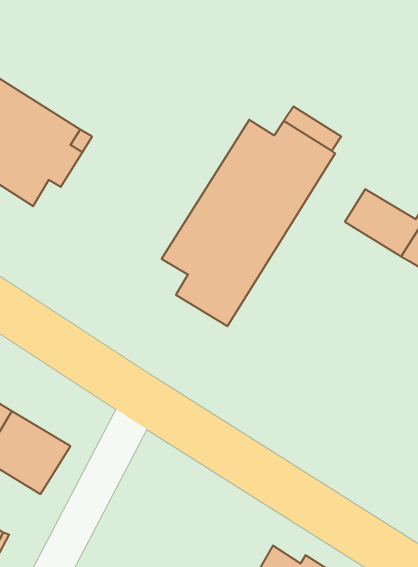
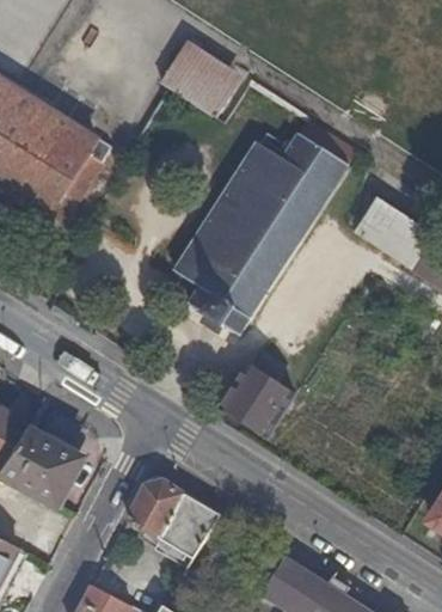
building: none -> [161,38,243,114]
building: none -> [221,349,291,436]
building: none -> [127,481,222,557]

